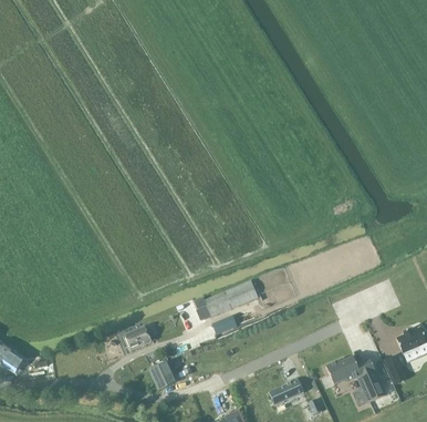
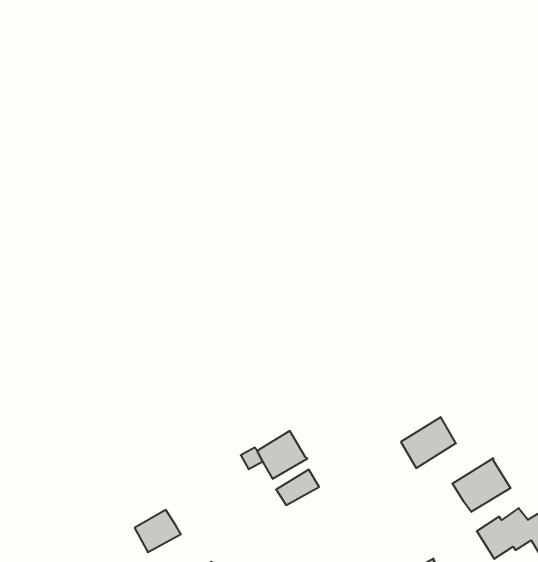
building: [225,280,257,308] -> [401,417,456,468]
building: none -> [452,458,511,512]

